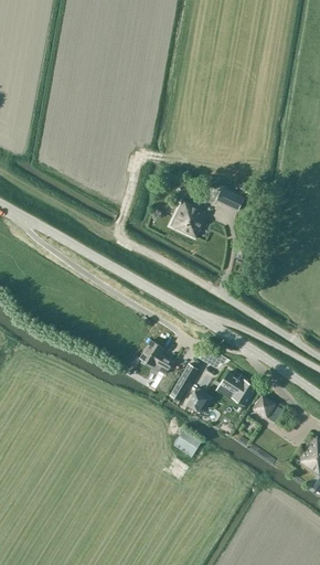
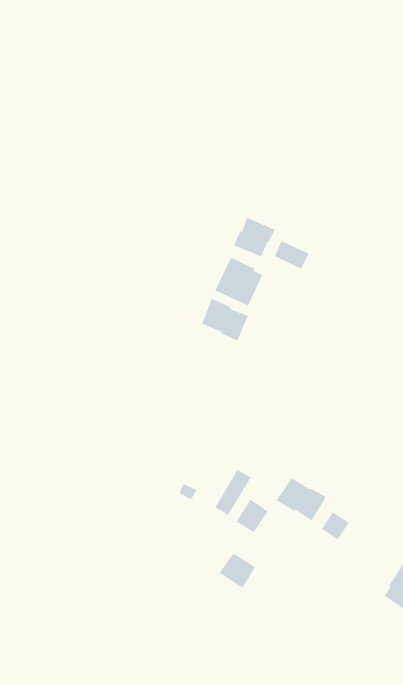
building: none -> [233,216,275,257]
building: none -> [201,298,249,341]
building: [139,340,174,374] -> none

